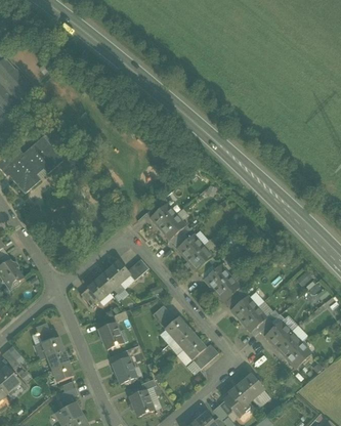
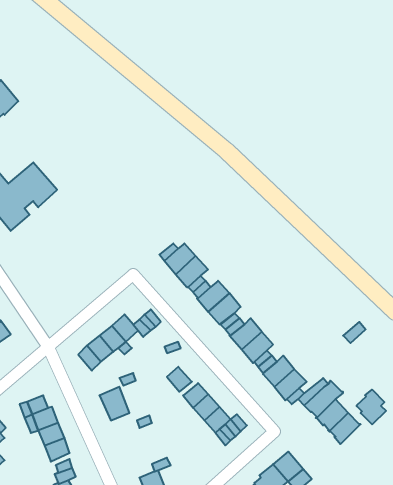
building: none -> [357,390,386,424]
building: [112,355,135,384] -> none

